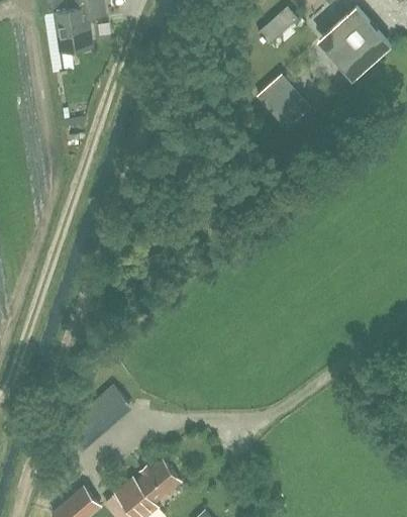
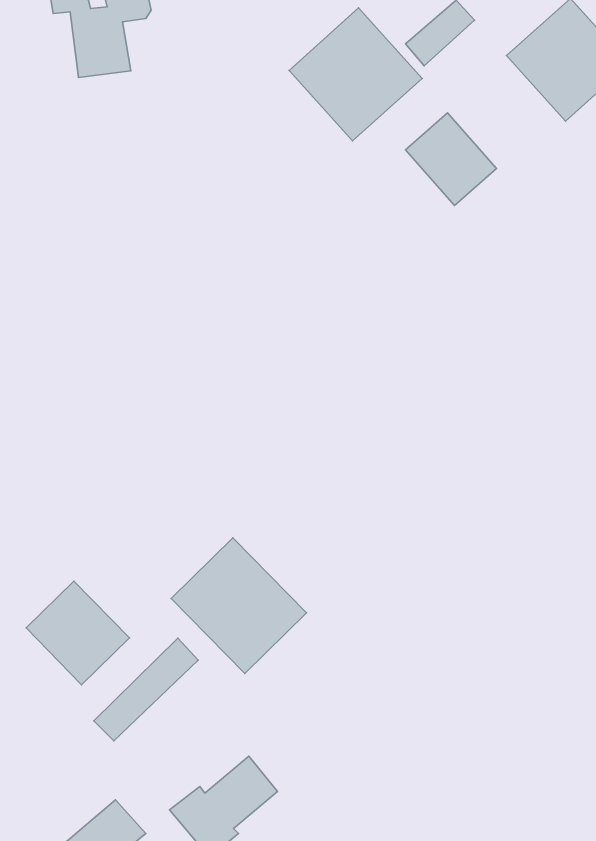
building: none -> [289,8,422,141]
building: none -> [171,538,306,674]
building: none -> [26,581,129,685]

